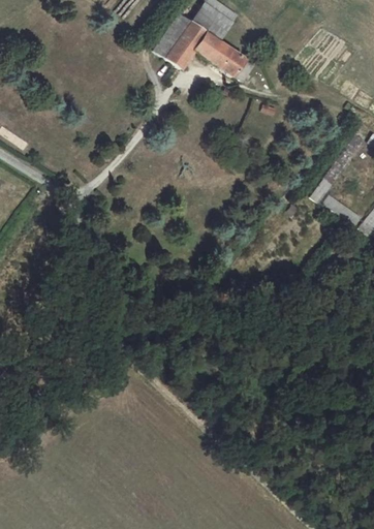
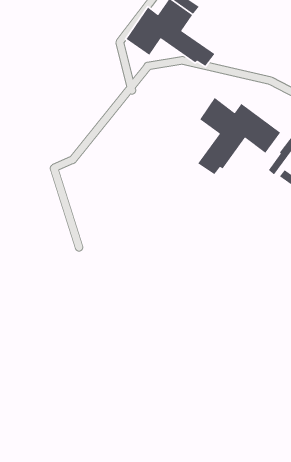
building: none -> [197,97,281,175]

